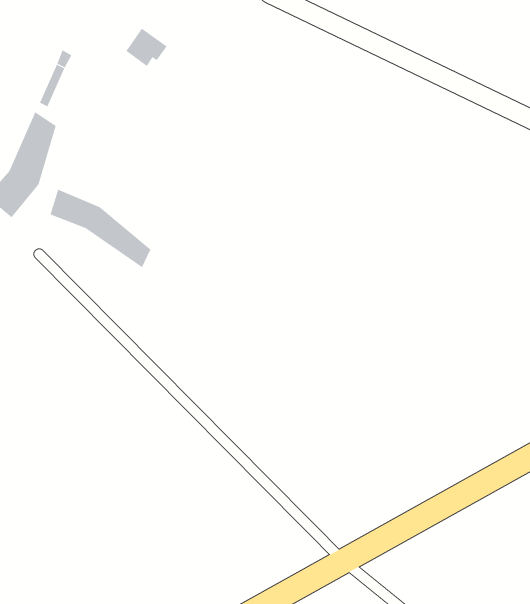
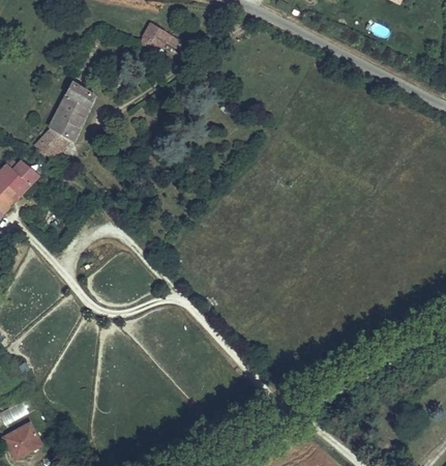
building: [50,189,151,268] -> none

